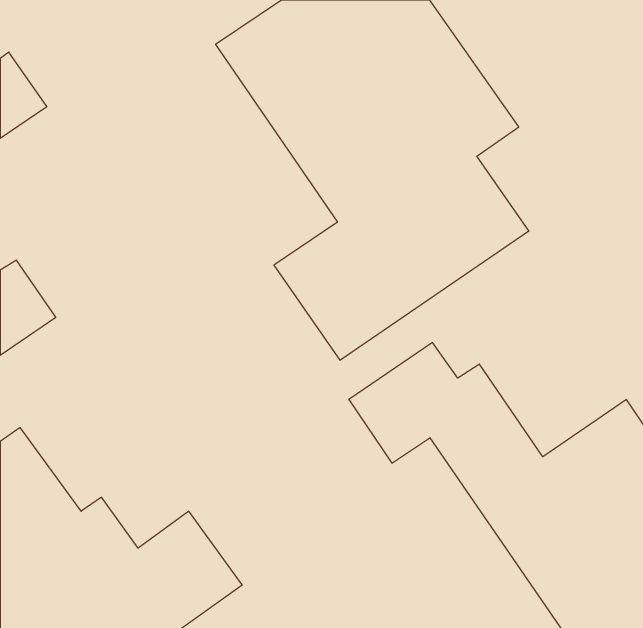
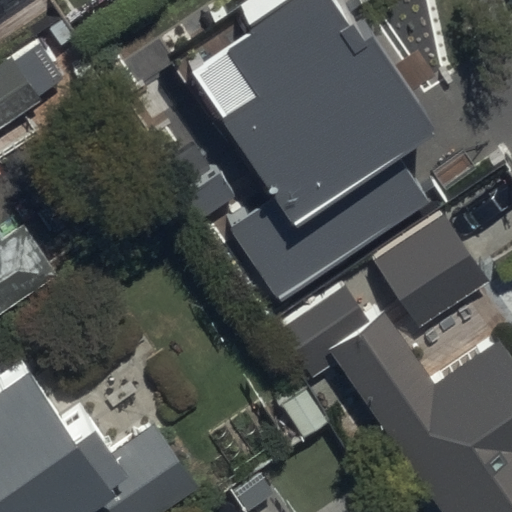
building: none -> [373,215,487,328]

